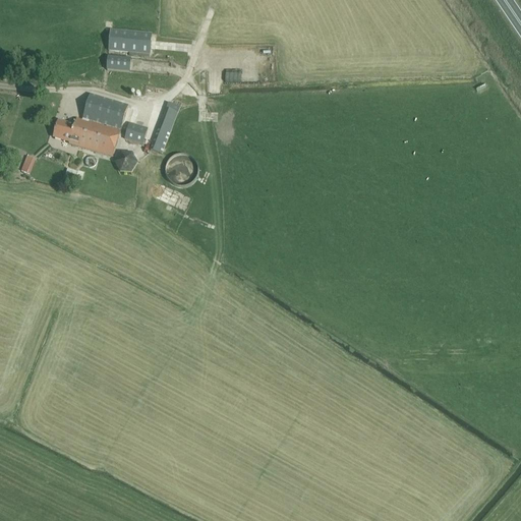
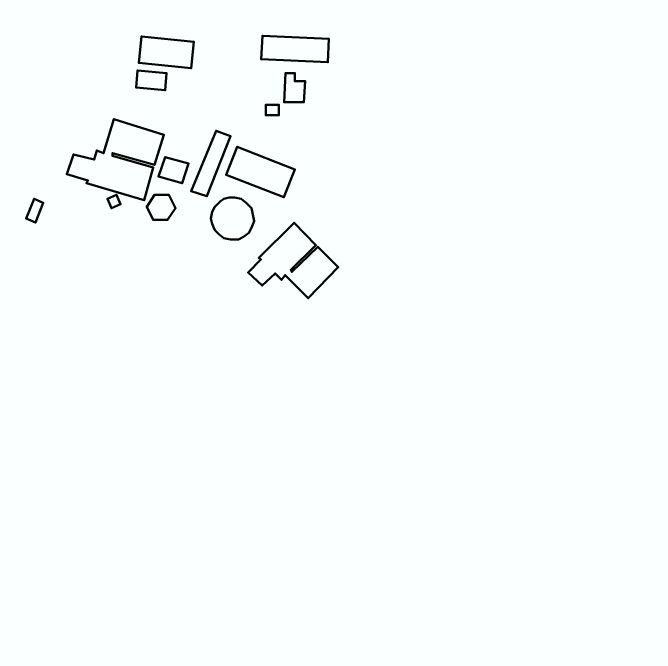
building: none -> [261,36,329,62]
building: none -> [226,147,295,197]
building: none -> [248,223,338,298]

